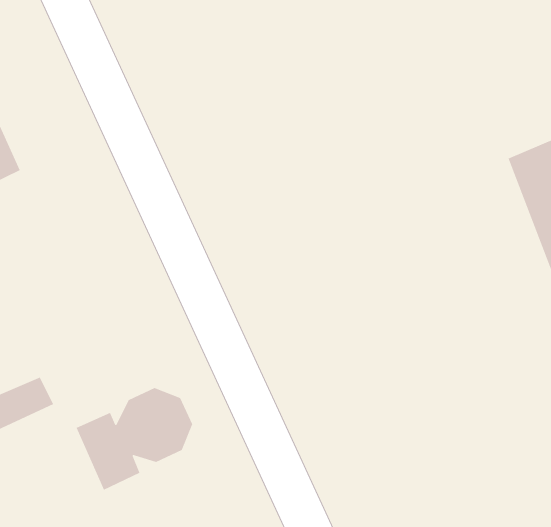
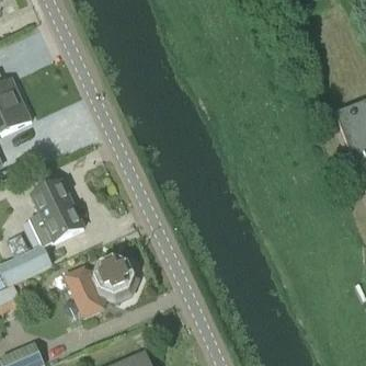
building: none -> [30,180,83,247]

